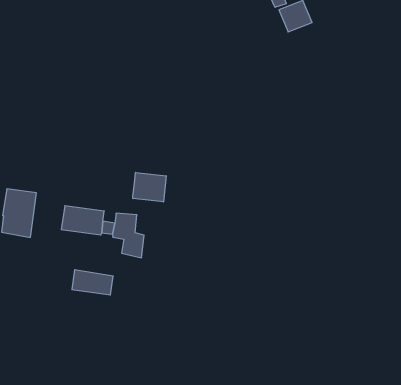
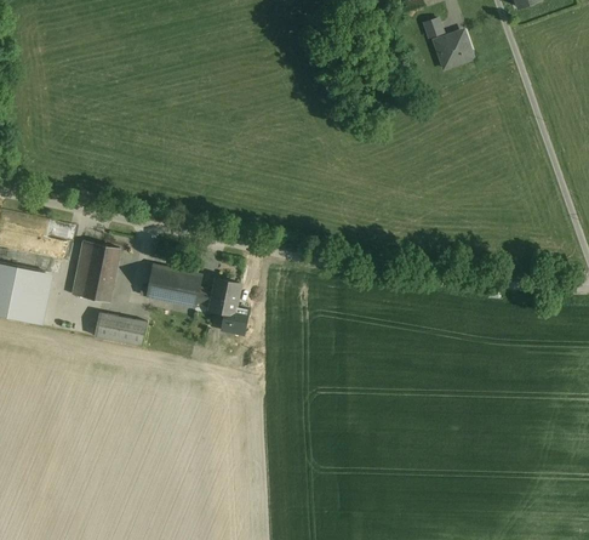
building: [133,172,166,202] -> none
building: [72,270,113,295] -> [95,312,147,346]

